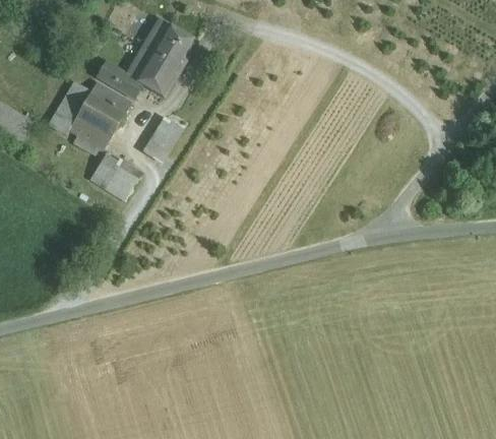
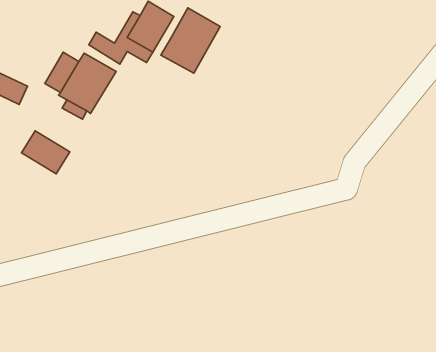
building: none -> [161,8,220,73]
building: [139,117,182,165] -> none
building: [88,154,142,202] -> [21,131,70,174]

